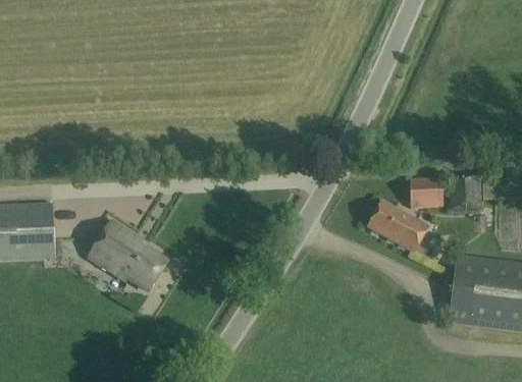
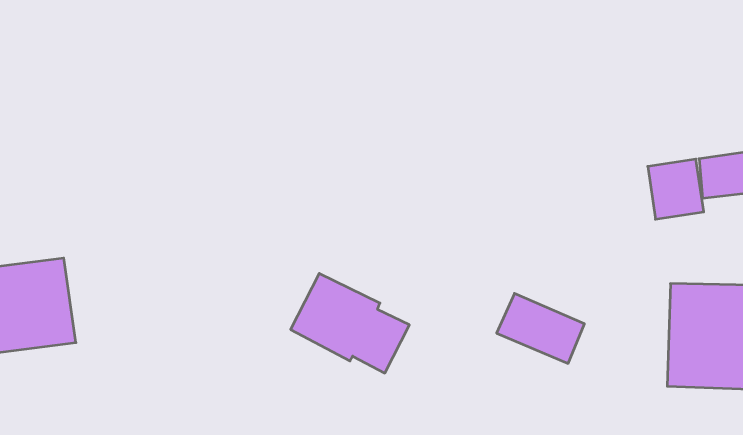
building: [410,177,442,208] -> none
building: [368,202,427,252] -> [497,293,584,363]
building: [88,220,167,290] -> [291,273,409,373]

